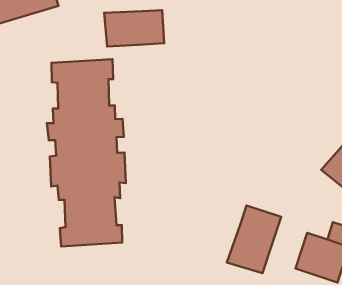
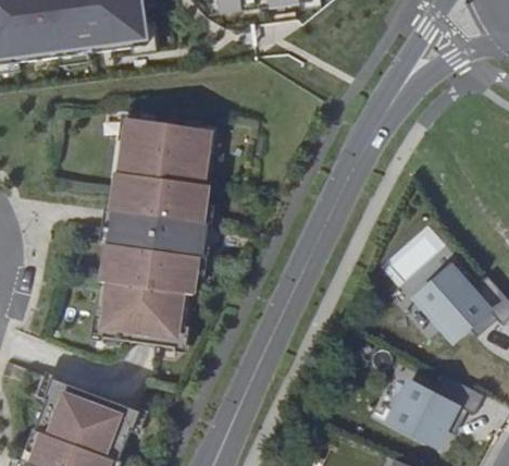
building: [104,10,164,46] -> none
building: [227,206,281,273] -> none

